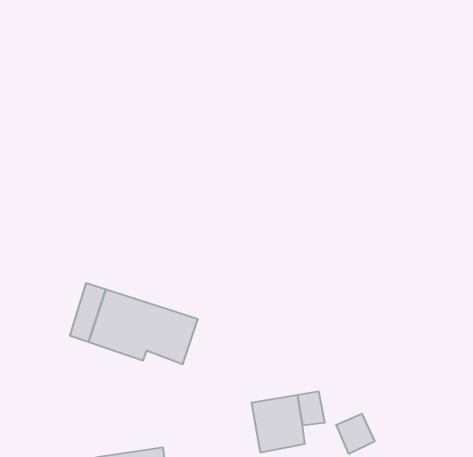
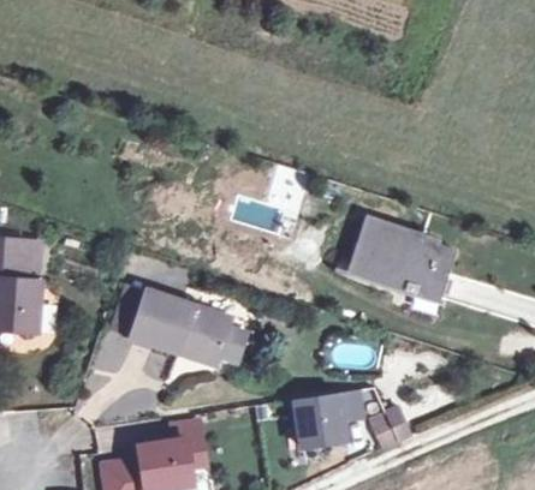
building: none -> [346,217,458,300]

